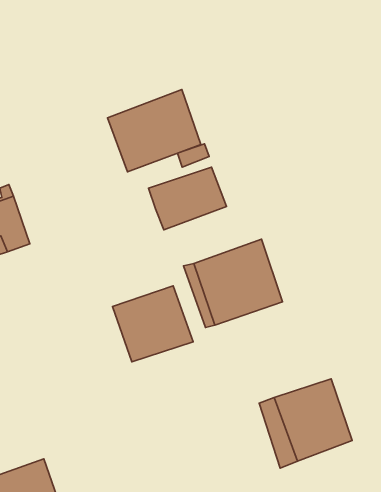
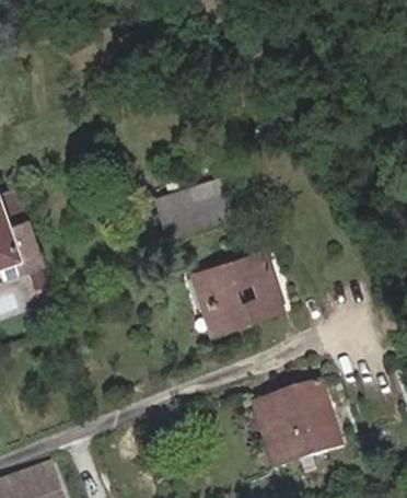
building: [108,90,201,172] -> none
building: [113,286,193,362] -> none

